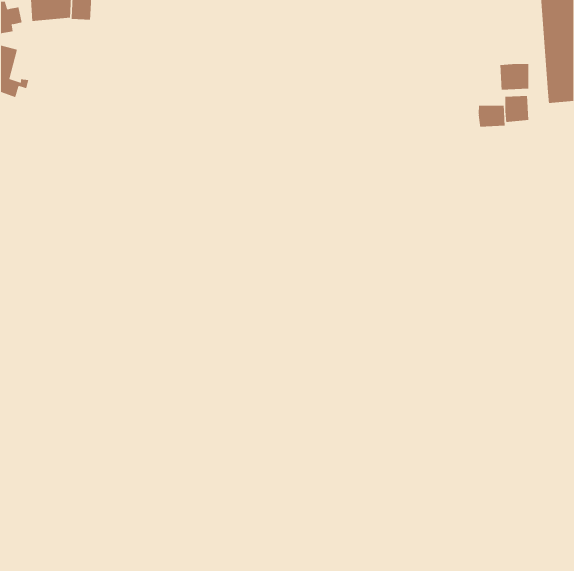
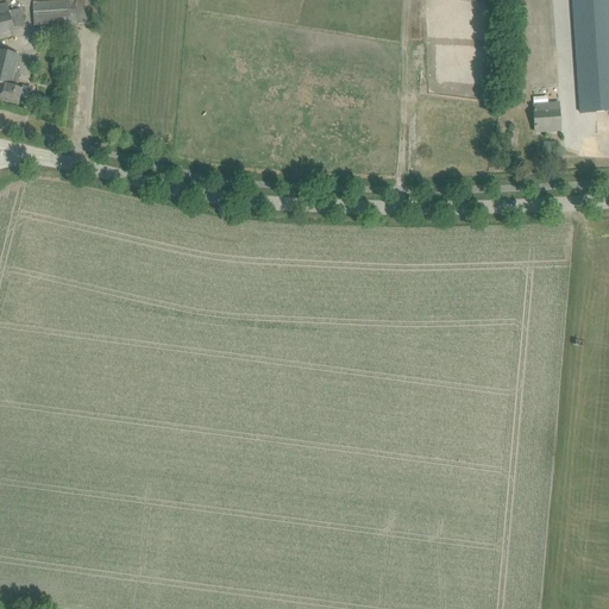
building: [500,63,529,90] -> none
building: [478,105,505,127] -> none

